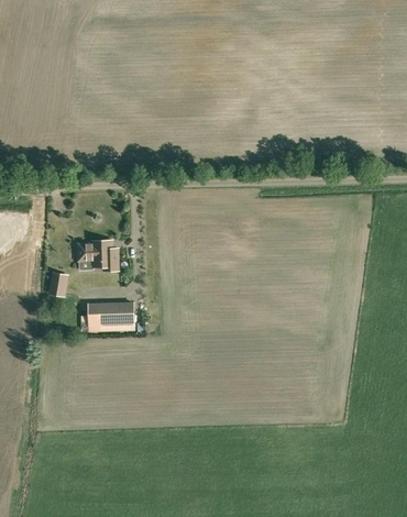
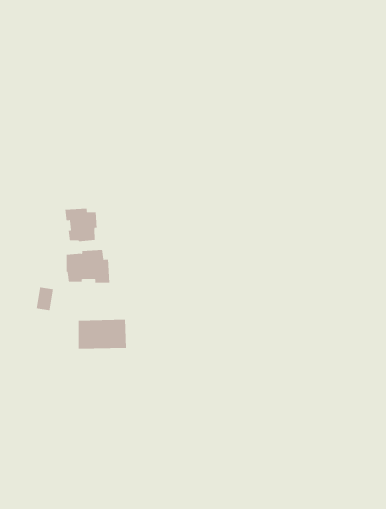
building: none -> [65,208,97,242]

